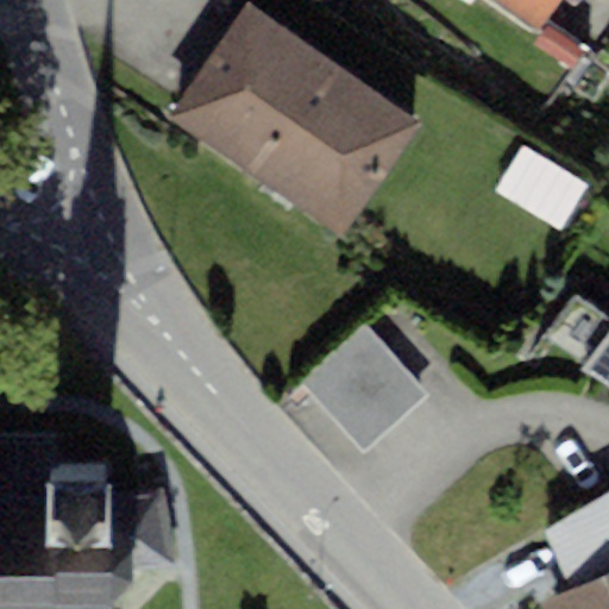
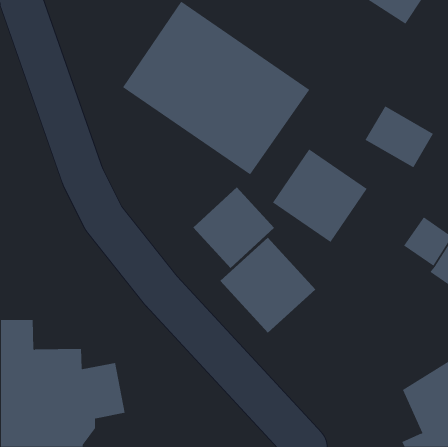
building: none -> [272,148,368,243]
building: none -> [192,186,275,269]

